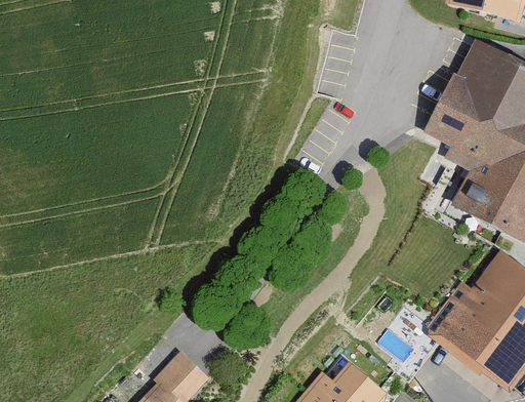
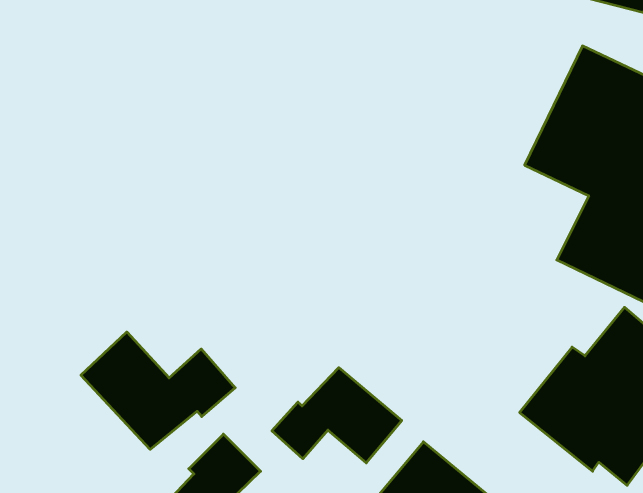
building: none -> [81,332,235,449]
building: none -> [272,368,402,463]

